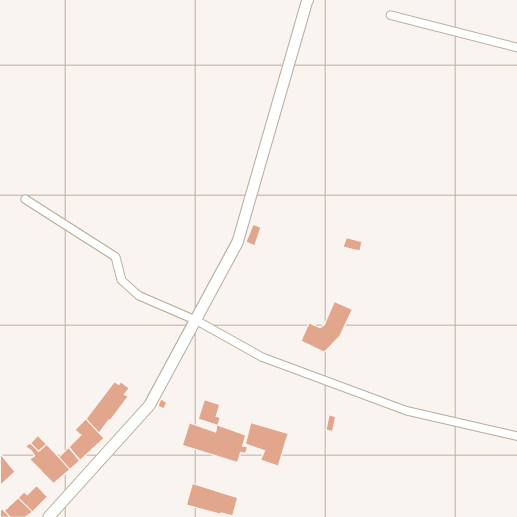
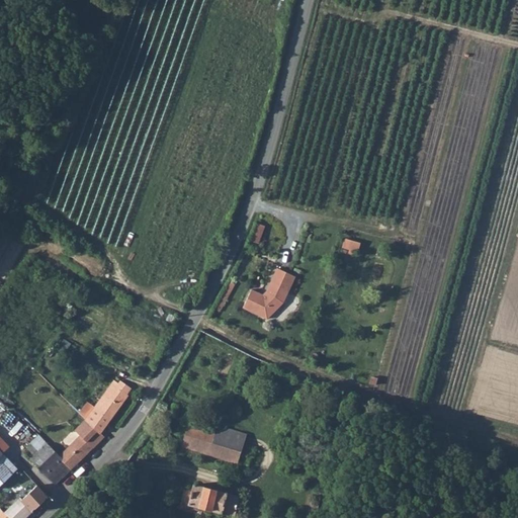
building: [301,301,352,352] -> [242,269,293,320]
building: [198,400,220,425] -> none
building: [245,423,288,466] -> none

